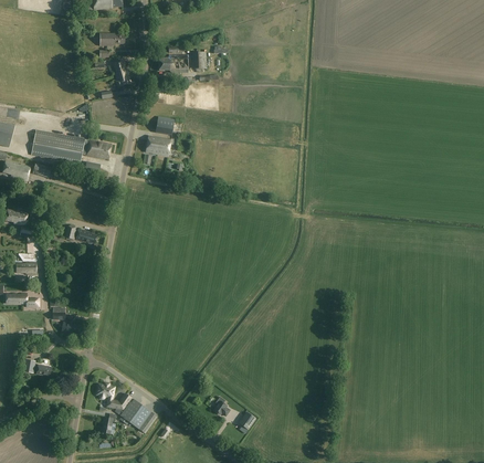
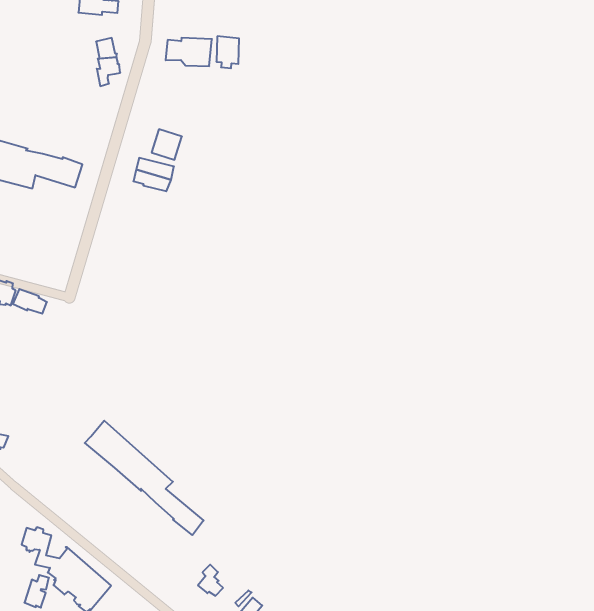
building: none -> [85,421,204,535]

